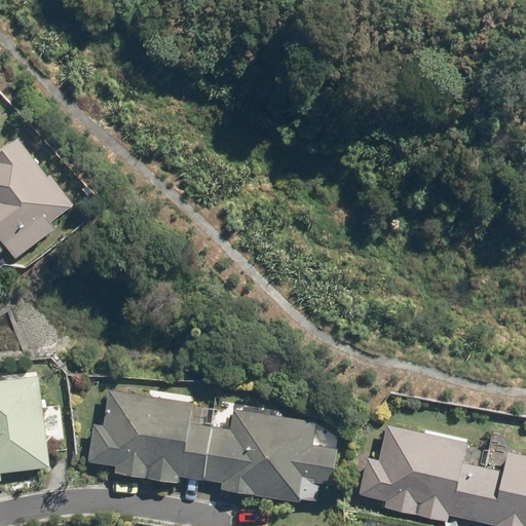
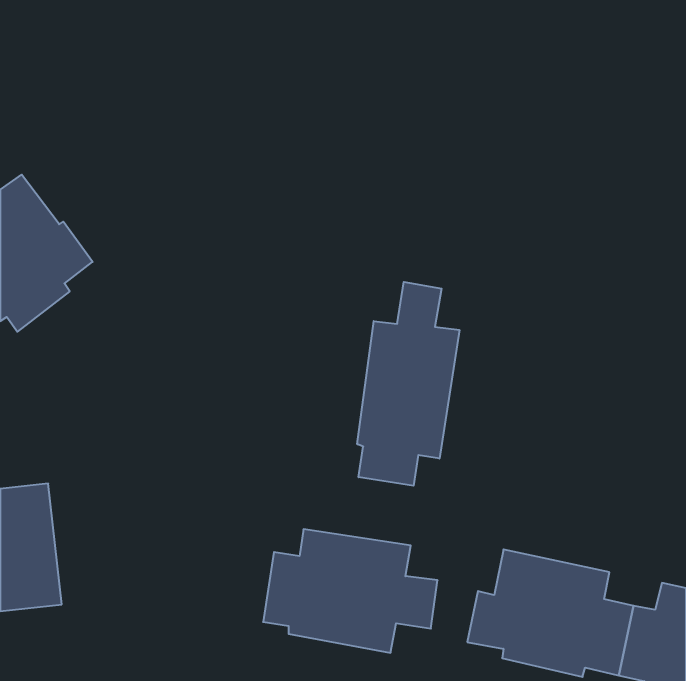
building: none -> [357,282,459,486]
building: [85,389,210,483] -> none

